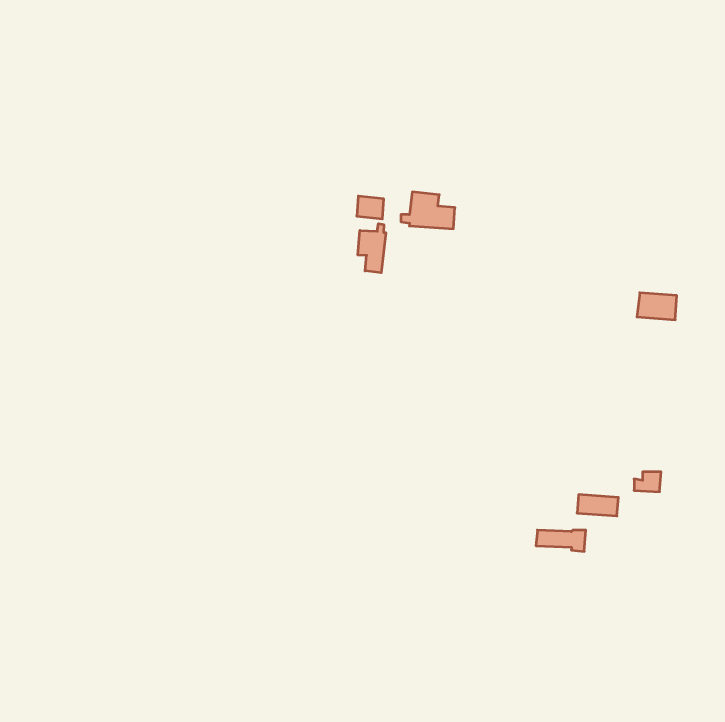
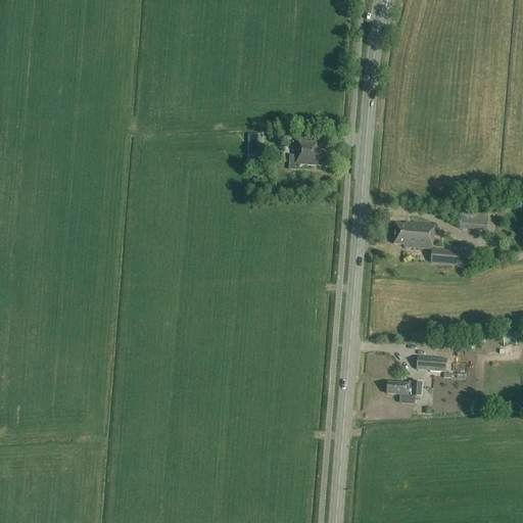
building: [358,224,386,273] -> none
building: none -> [392,222,458,264]

